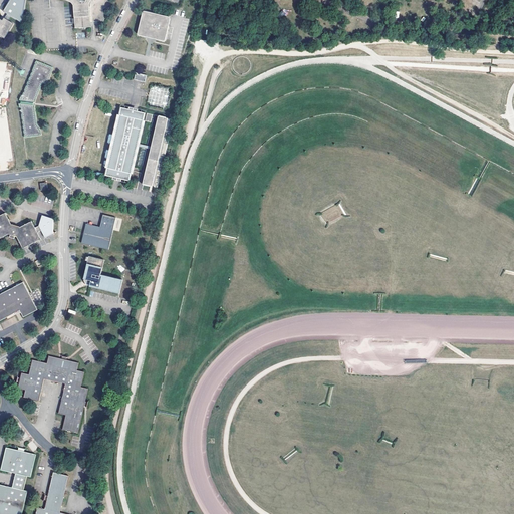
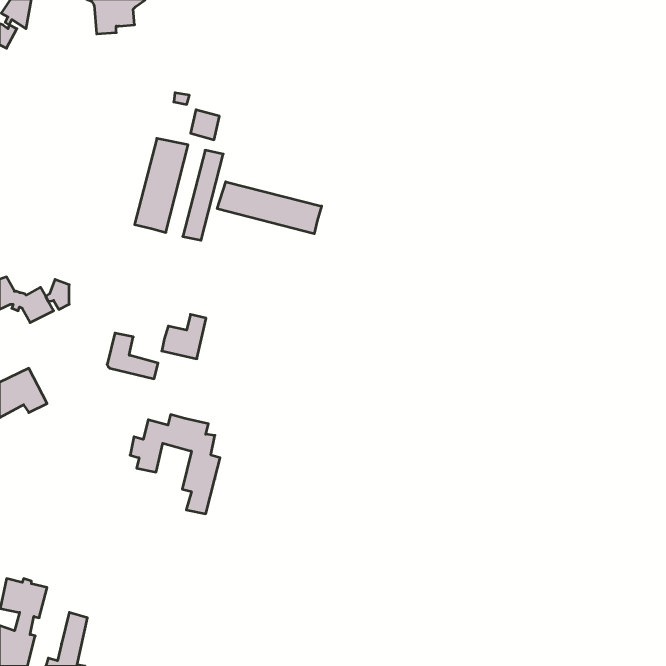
building: [136,9,168,39] -> none
building: [18,59,52,137] -> none
building: none -> [217,182,322,234]
building: [80,214,114,248] -> [162,314,206,359]
building: [17,355,86,432] -> [130,415,220,514]

